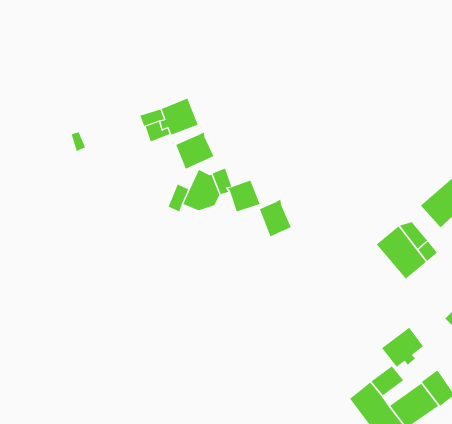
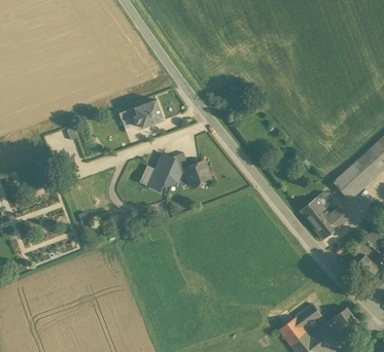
building: [175,131,214,169] -> none
building: [259,199,291,237] -> none
building: [381,327,424,368] -> none

